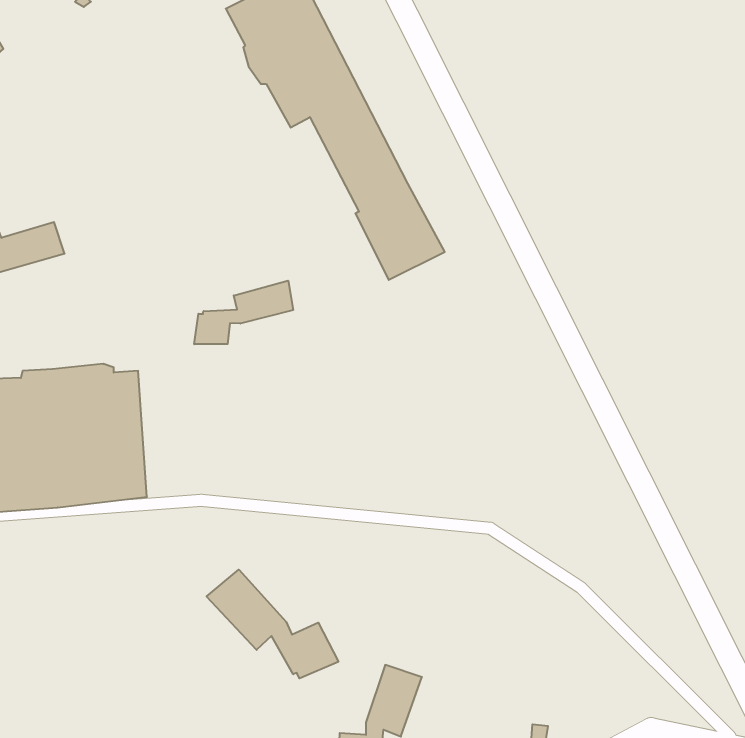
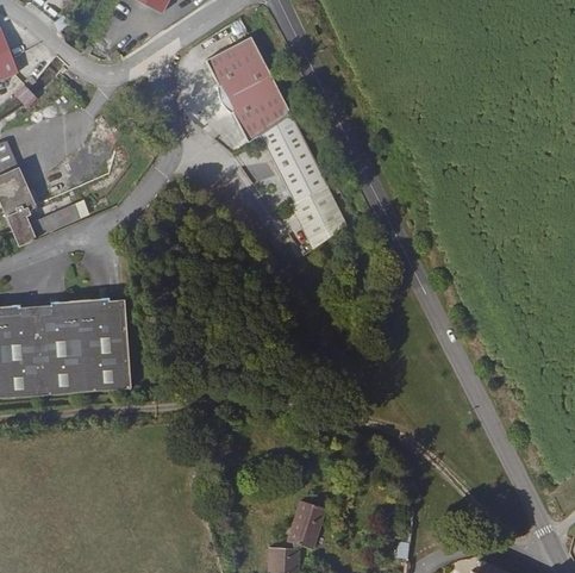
building: [194,281,293,344] -> none
building: [207,570,338,678] -> none

